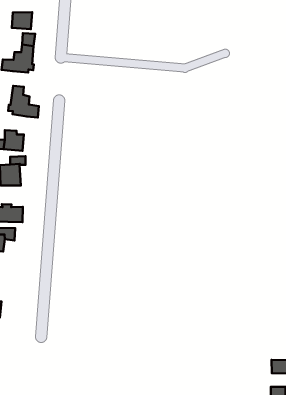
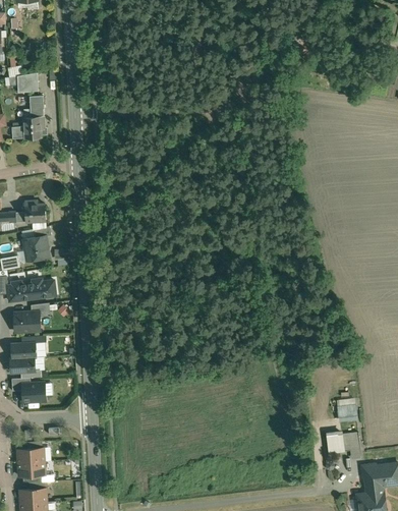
building: [8,86,39,117] -> none

